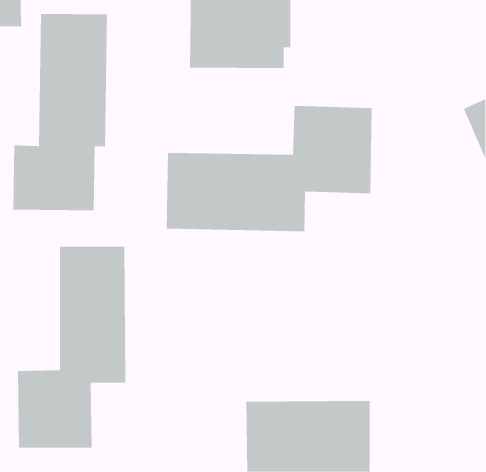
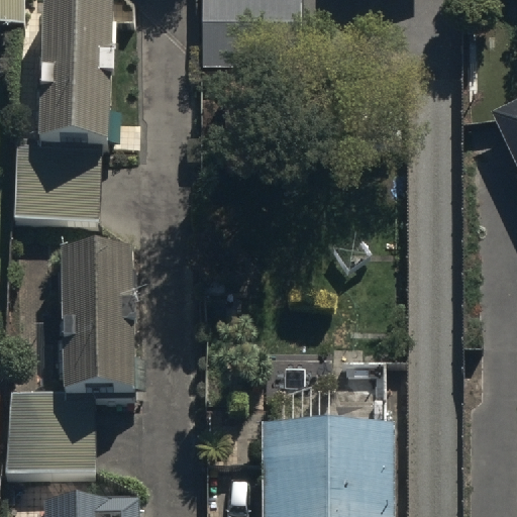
building: [166,105,372,232] -> none

